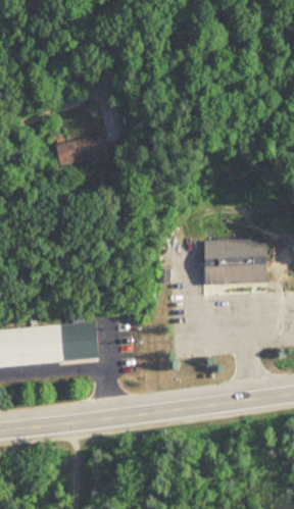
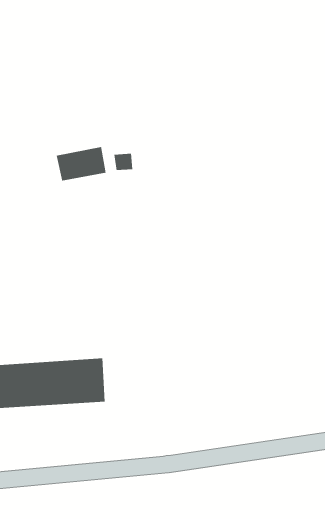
building: [203,238,266,284] -> none

